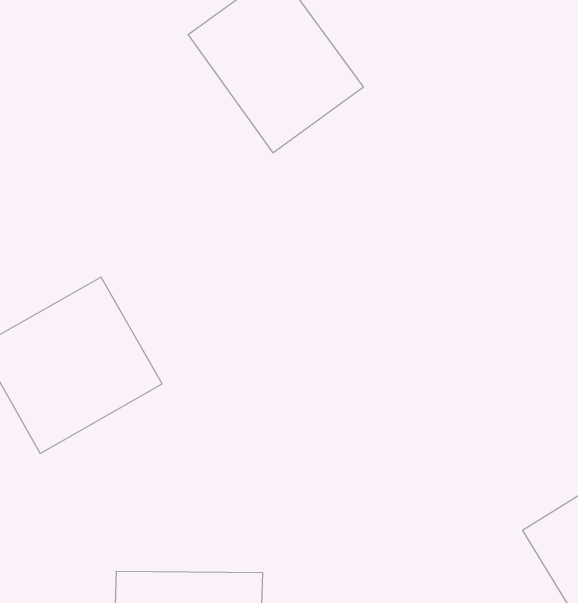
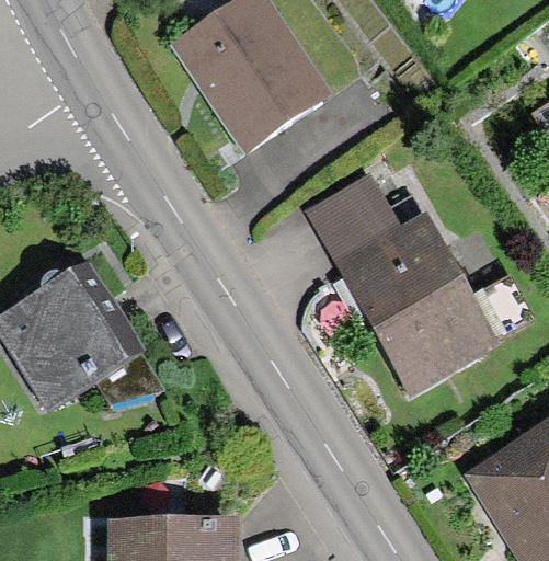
building: none -> [307,179,501,399]

